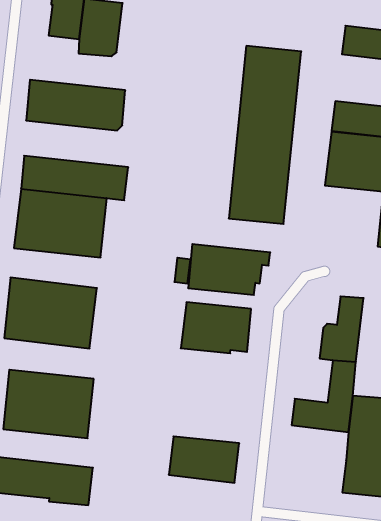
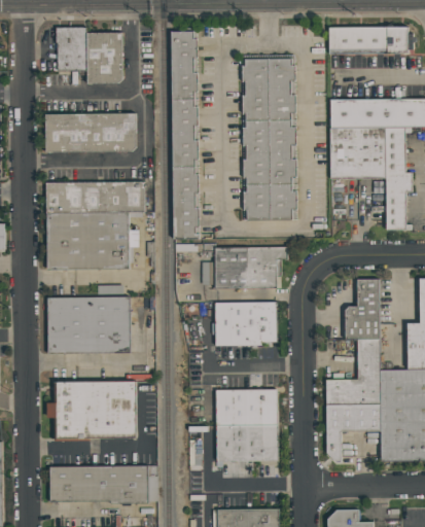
building: none -> [171,29,198,238]
building: none -> [217,391,279,427]
building: none -> [325,403,380,461]

